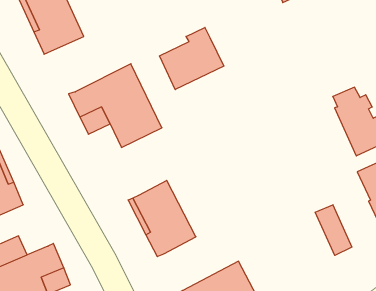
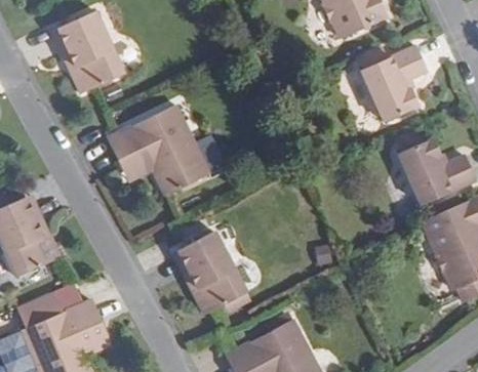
building: none -> [359,44,425,120]
building: [160,27,224,90] -> none
building: [315,205,352,255] -> none

